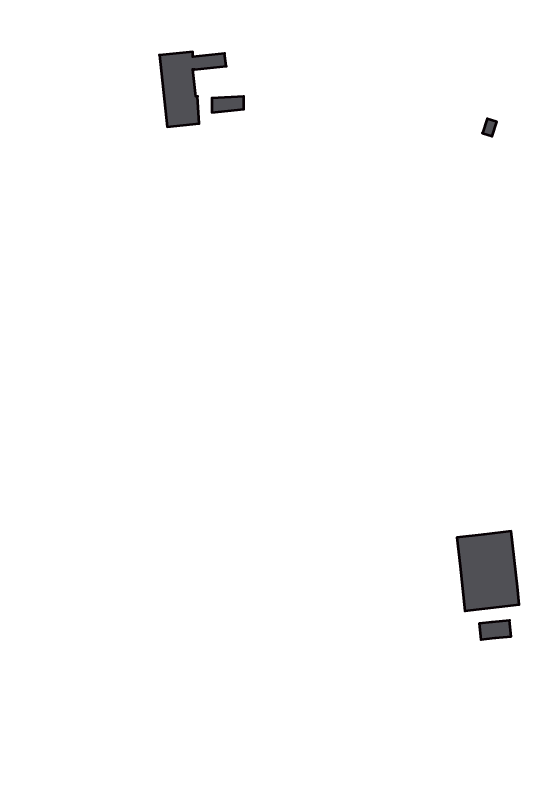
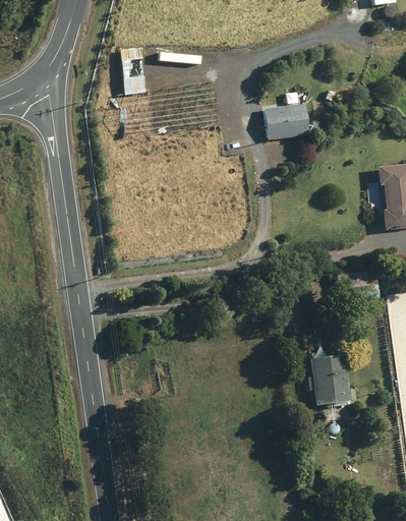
building: none -> [263,103,307,139]

